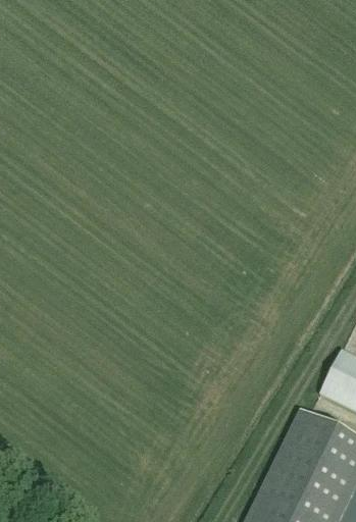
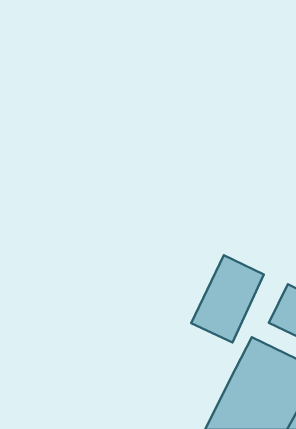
building: none -> [191,255,264,343]

